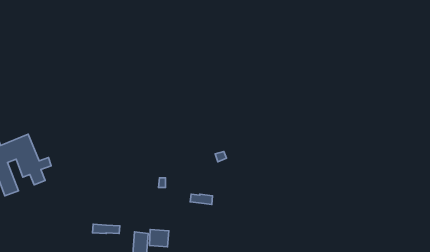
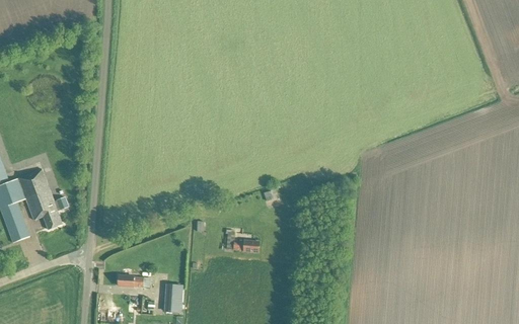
building: [149,230,169,247] -> none

